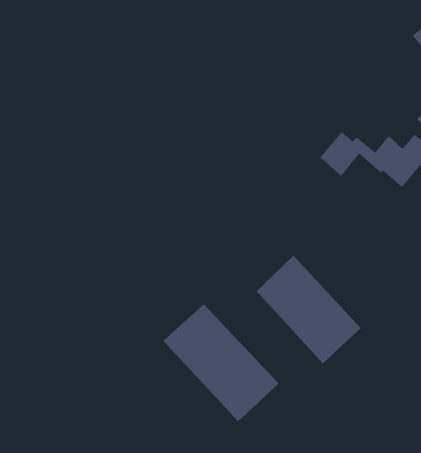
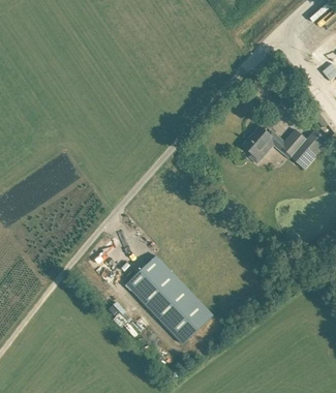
building: [256,255,362,364] -> none

